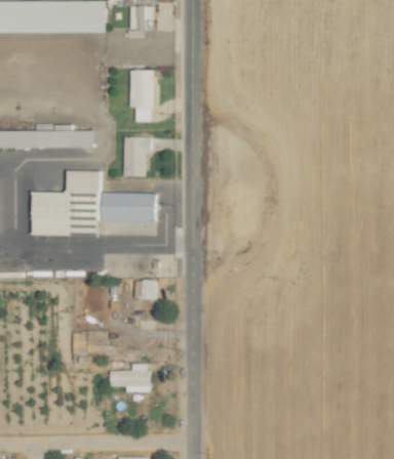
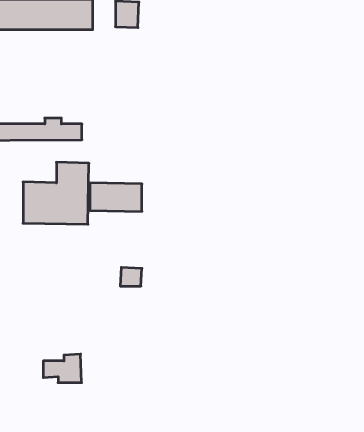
building: [129,70,153,122] -> none
building: [123,136,152,176] -> none
building: [110,363,150,392] -> [43,354,82,383]

